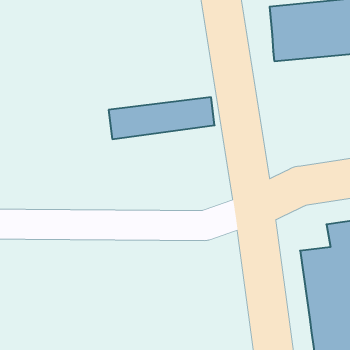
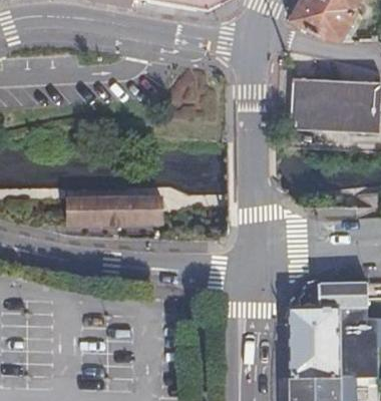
building: [109,97,215,139] -> [64,194,159,222]

